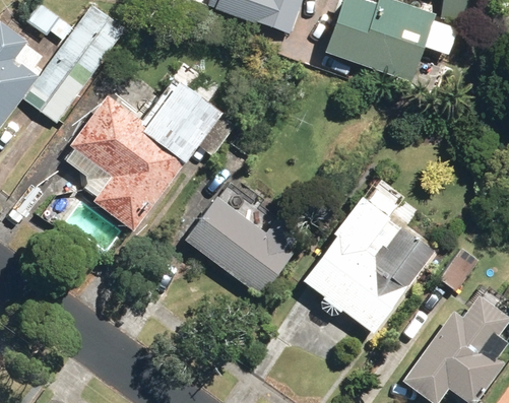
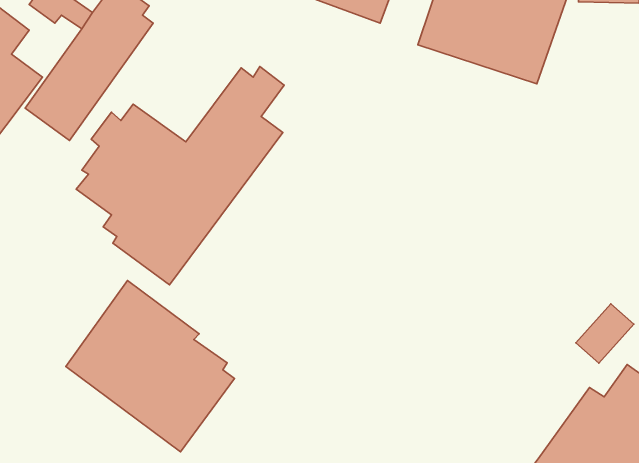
building: [179,194,306,296] -> none
building: [300,197,434,333] -> none
building: none -> [66,280,235,452]

